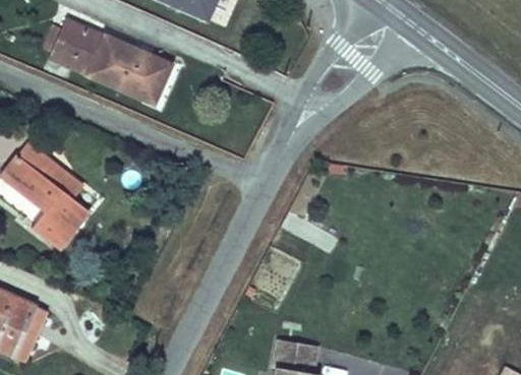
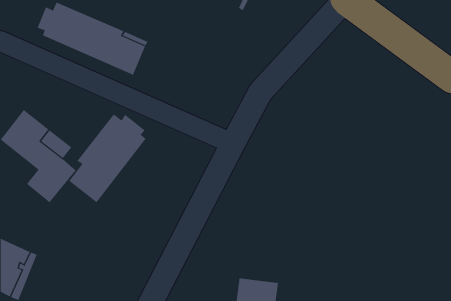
building: none -> [68,113,146,203]

